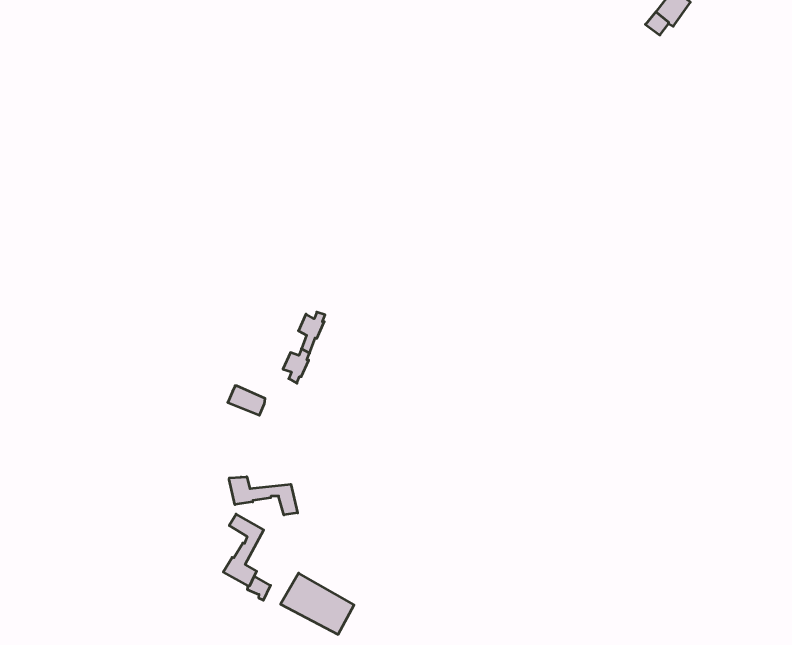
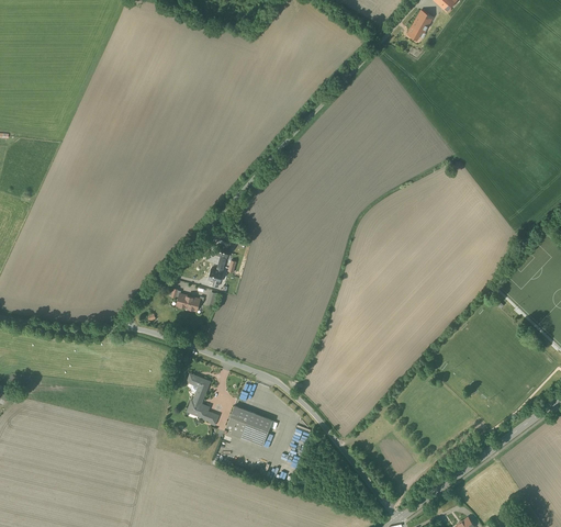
building: [229,477,298,515] -> none

